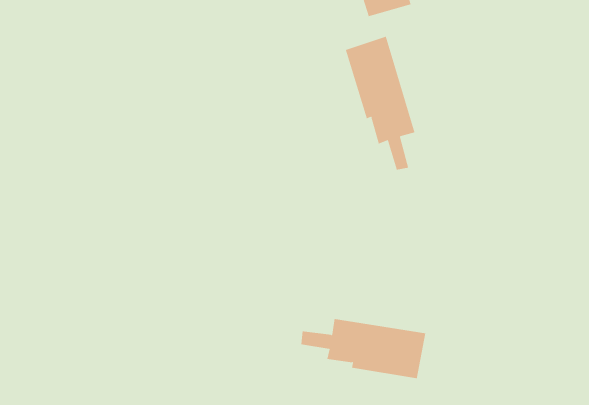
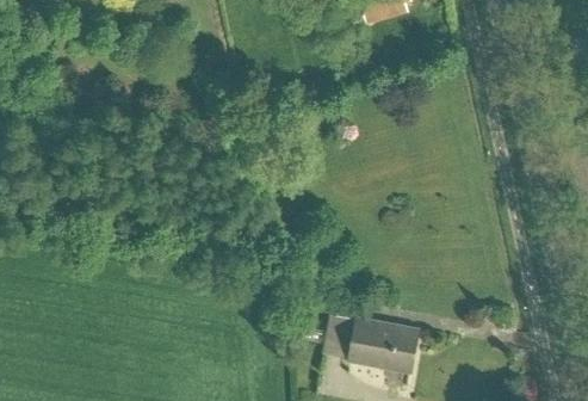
building: [345,36,415,171] -> none

